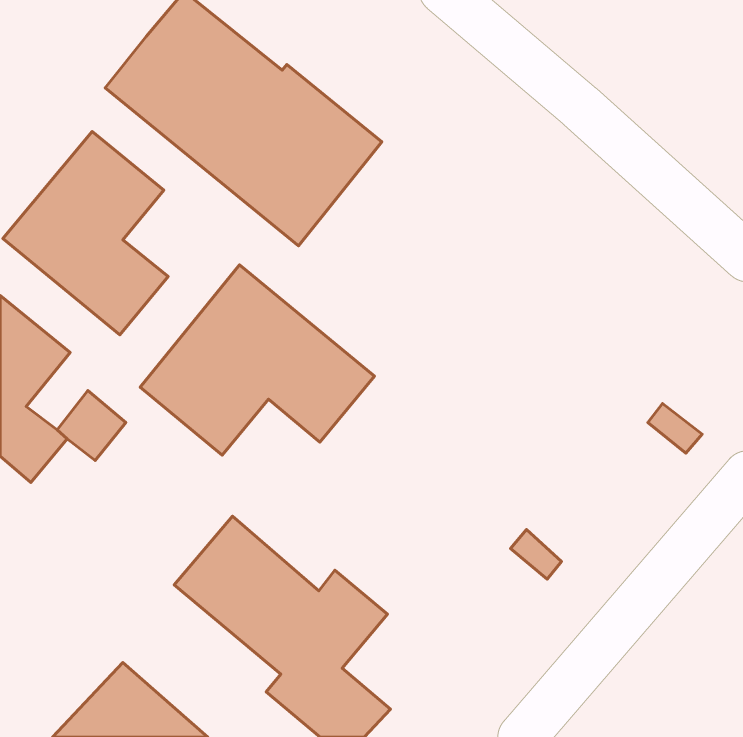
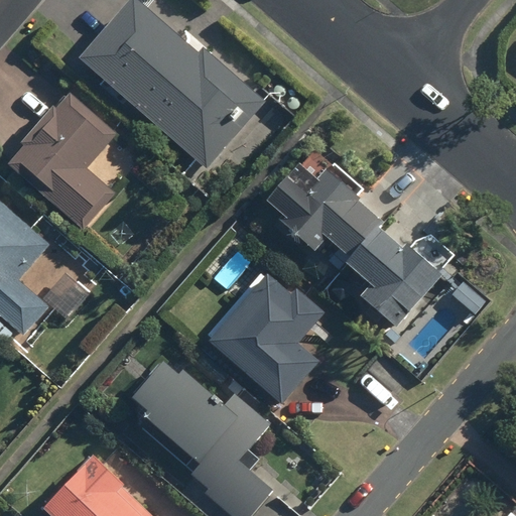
building: none -> [258,165,462,331]
building: [140,265,374,455] -> none
building: none -> [205,274,321,405]

